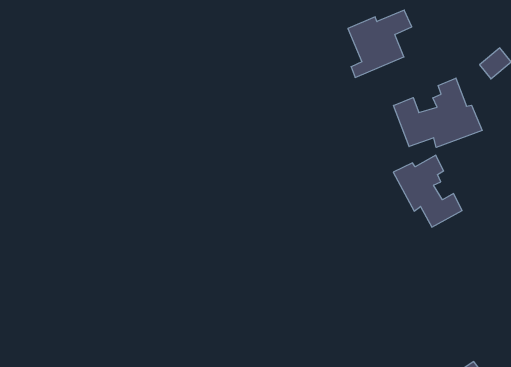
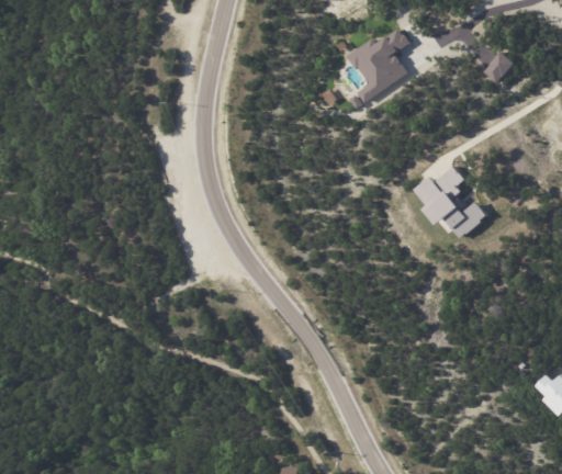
building: [394,78,482,147] -> none

